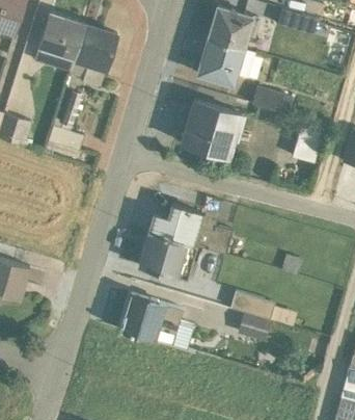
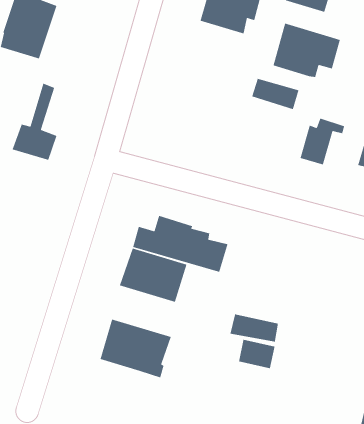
building: [67,25,115,88] -> none
building: [195,38,254,86] -> [272,23,341,78]
building: [180,100,241,158] -> none

